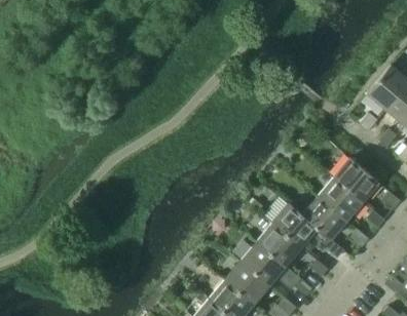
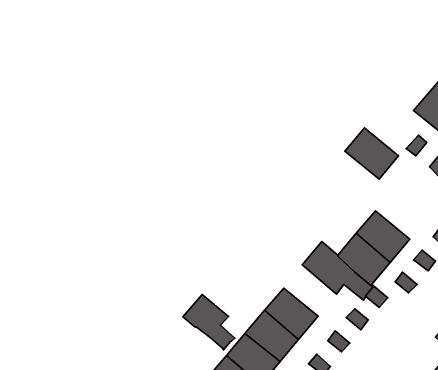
building: [334,159,379,202] -> [345,128,399,179]
building: [257,224,301,267] -> none
building: none -> [183,294,235,350]

